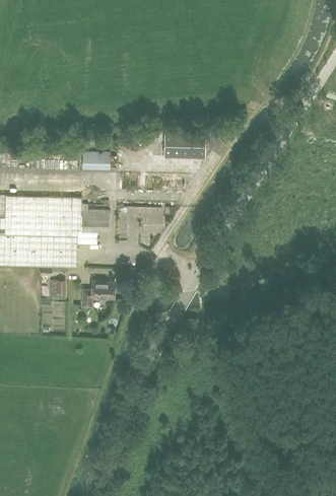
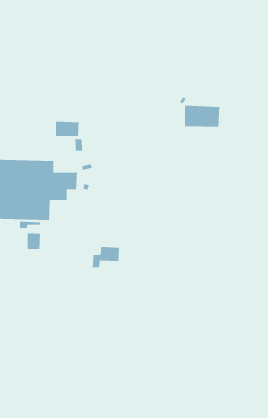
building: [163,131,205,157] -> [184,105,220,128]
building: [81,281,114,306] -> [92,246,120,268]

